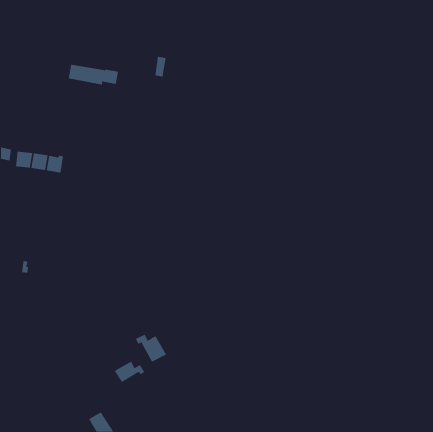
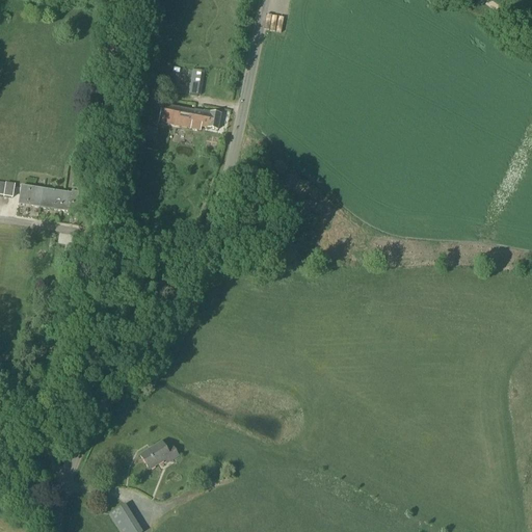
building: [68,64,119,85] -> [159,104,221,130]
building: [135,334,167,362] -> none

